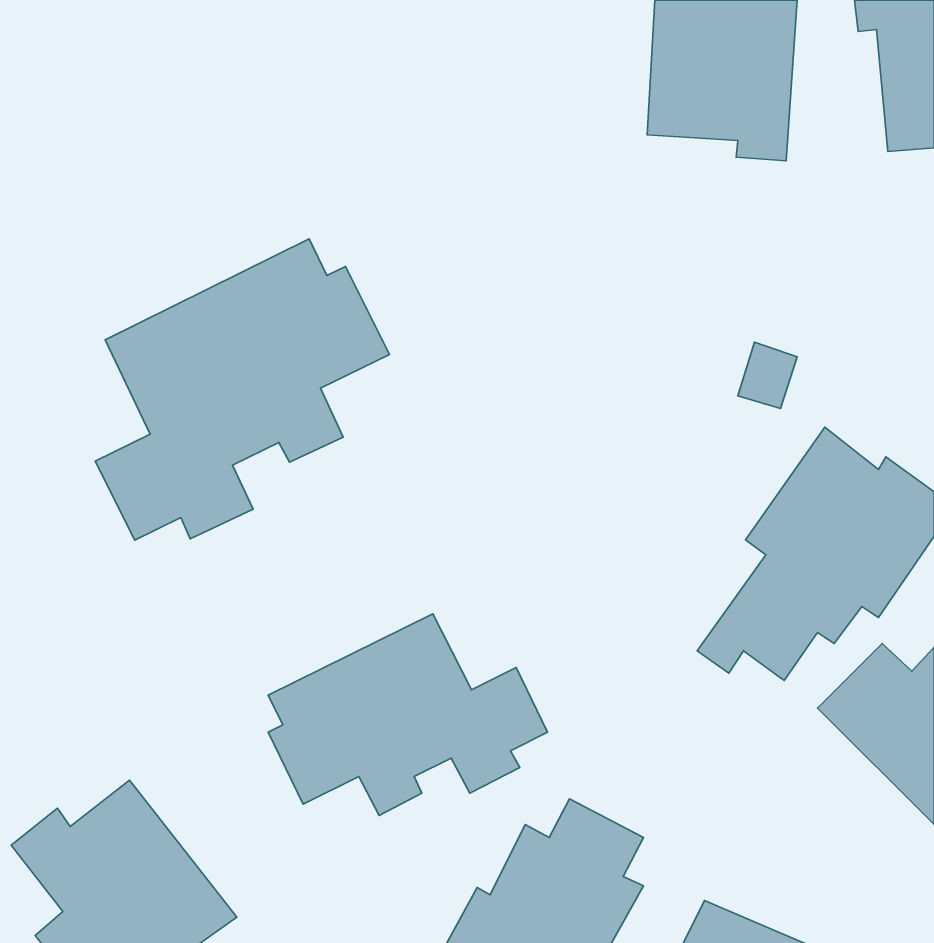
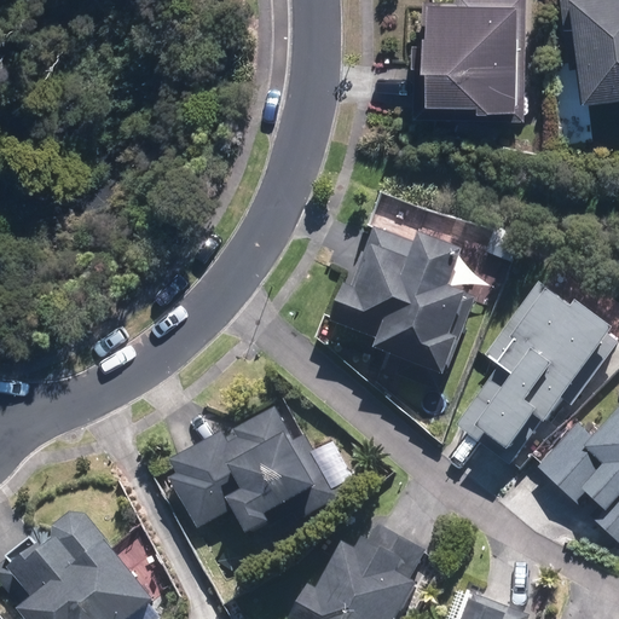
building: [95,239,390,540] -> none
building: none -> [323,226,473,376]

